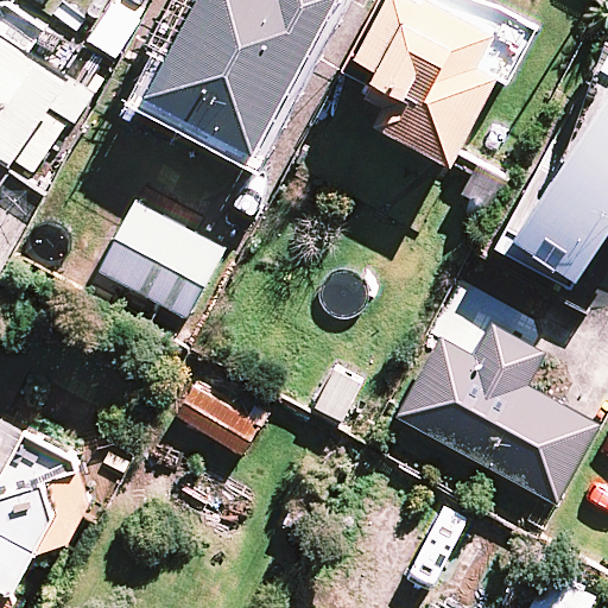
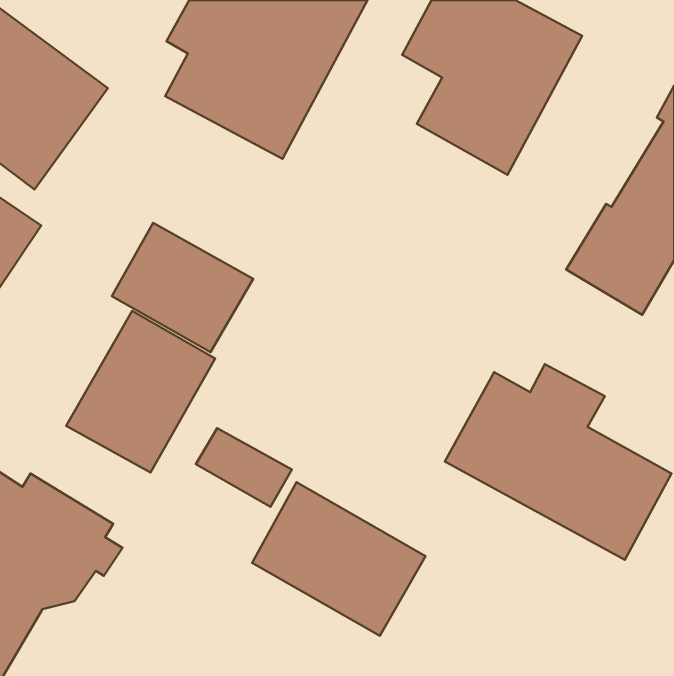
building: none -> [66,311,215,472]
building: none -> [252,482,425,636]

